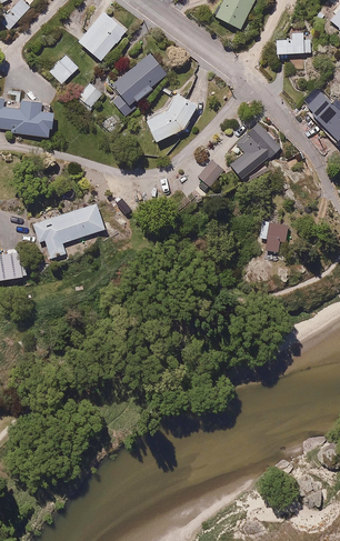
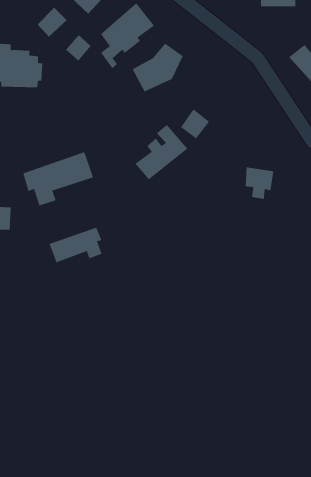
building: [227,122,281,179] -> [134,124,188,180]
building: none -> [49,227,102,263]

